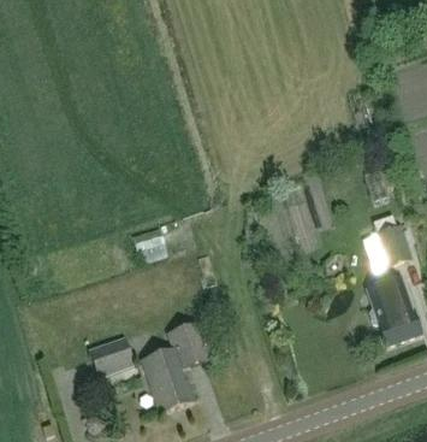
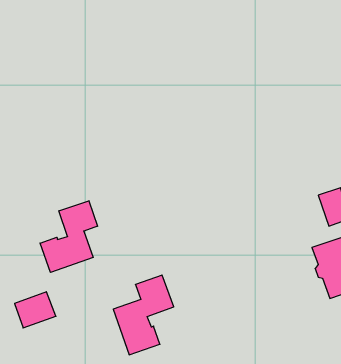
building: none -> [40,201,98,272]
building: [88,336,135,377] -> [15,292,56,328]

